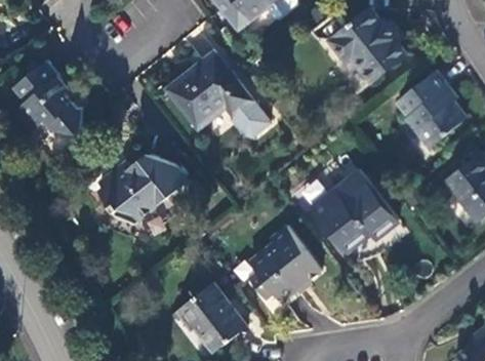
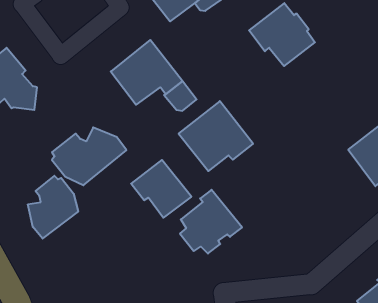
building: [397,72,466,147] -> none
building: [311,169,398,251] -> [179,101,253,171]
building: none -> [28,176,78,239]
building: [177,283,248,351] -> [131,160,191,218]

